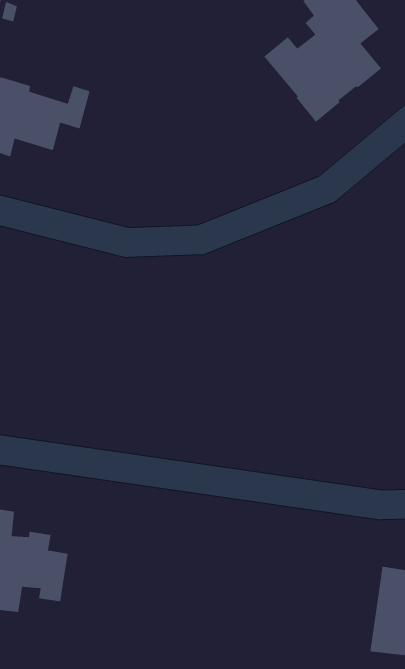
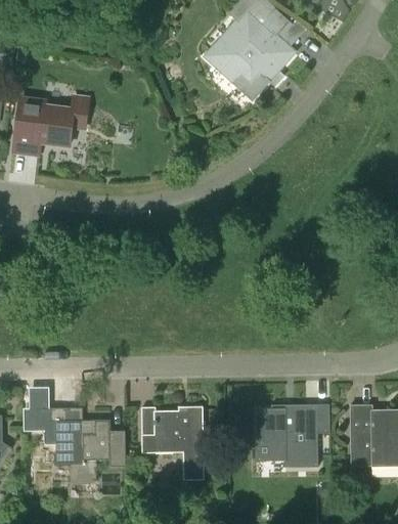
building: none -> [141,406,205,481]
building: none -> [256,405,317,467]

